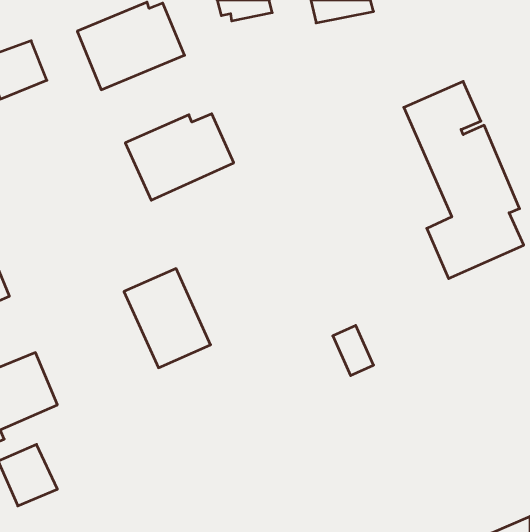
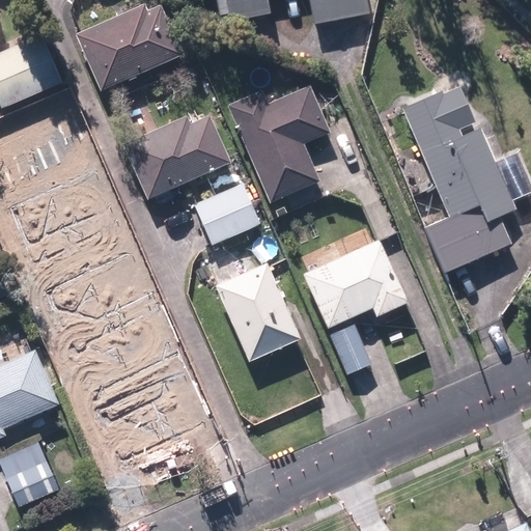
building: none -> [227,86,331,202]
building: none -> [194,183,261,245]
building: none -> [303,240,408,328]
building: [124,269,211,368] -> [216,262,302,361]

